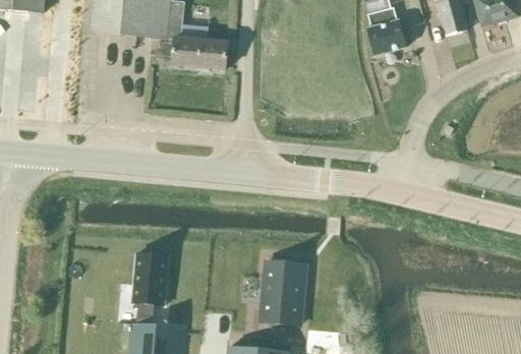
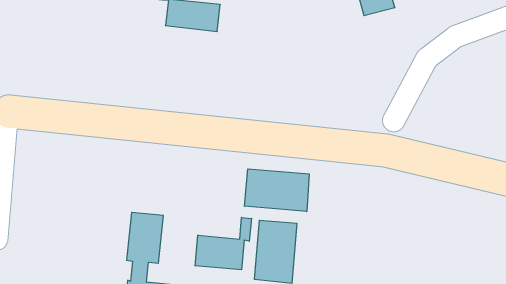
building: none -> [245,169,309,212]
building: none -> [195,217,251,270]

